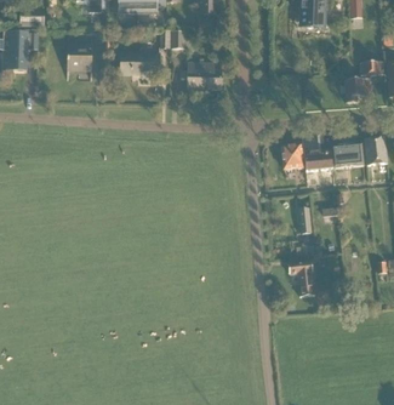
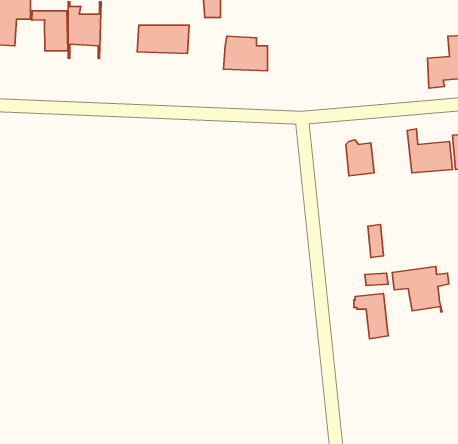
building: none -> [32,11,68,51]
building: [303,135,332,171] -> none
building: none -> [392,266,449,312]

